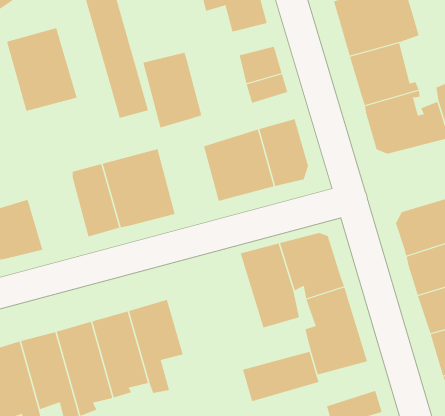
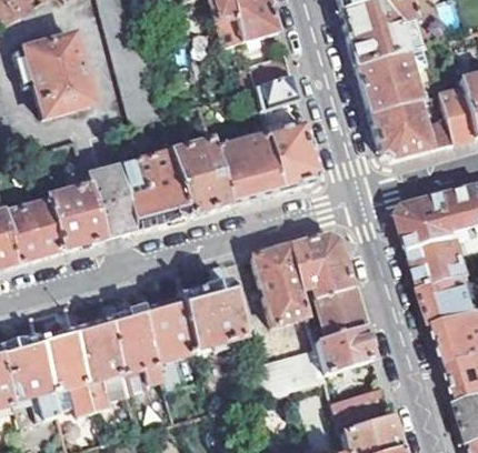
building: [142,52,202,128] -> [171,142,229,215]
building: none -> [44,180,103,250]
building: none -> [180,263,245,351]

